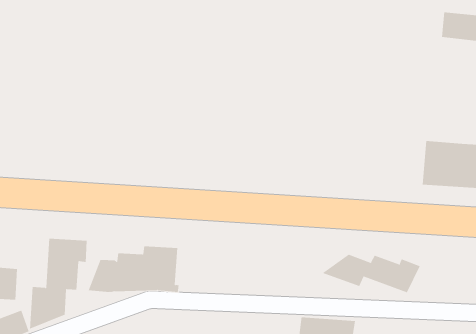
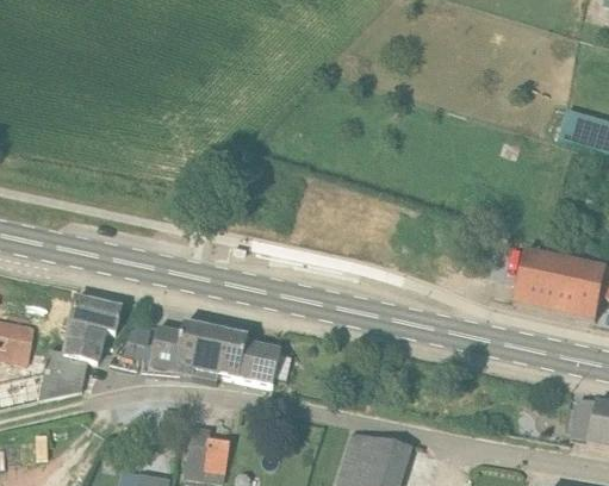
building: none -> [213,330,281,385]
building: [322,254,420,293] -> none

